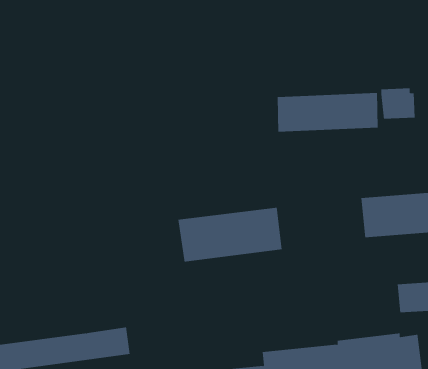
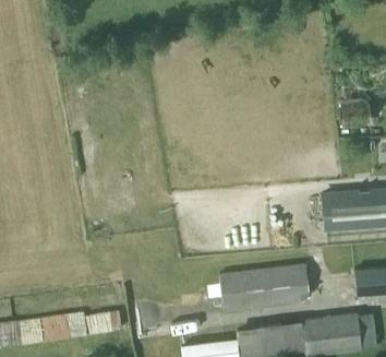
building: [277,92,378,132] -> none
building: [178,207,283,262] -> [219,263,311,311]

